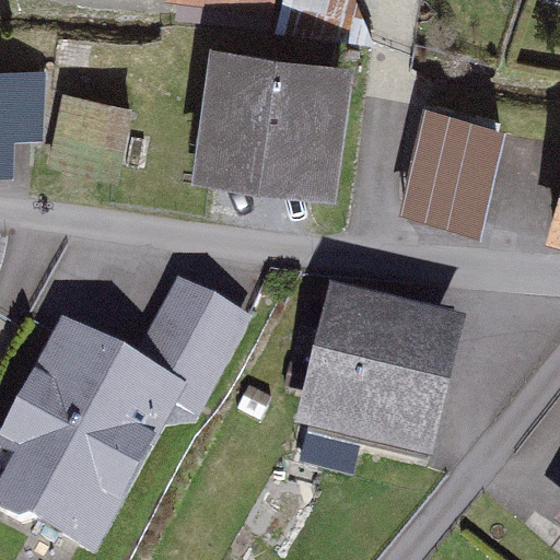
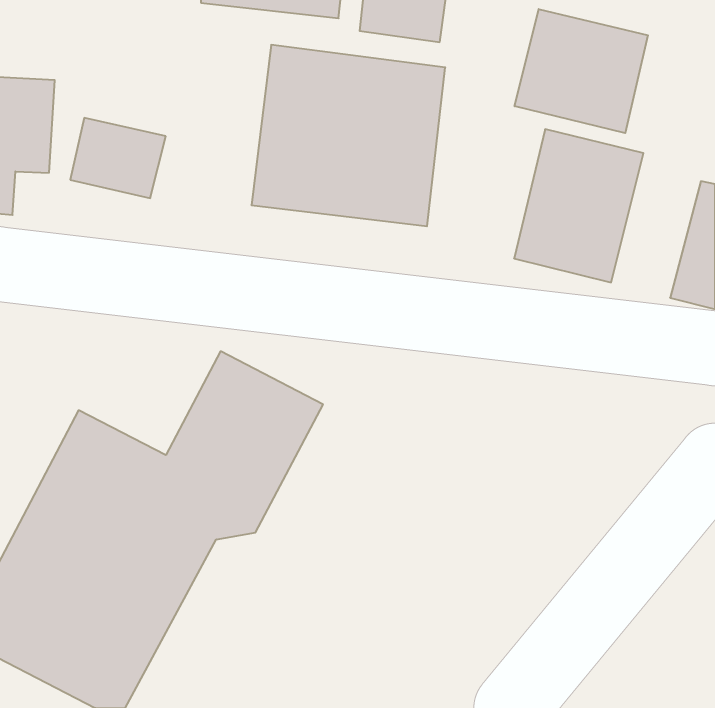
building: none -> [515,9,648,133]
building: [296,294,460,459] -> none

